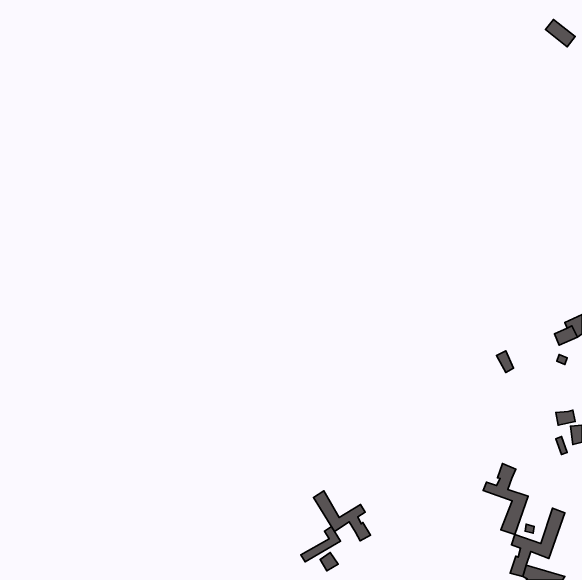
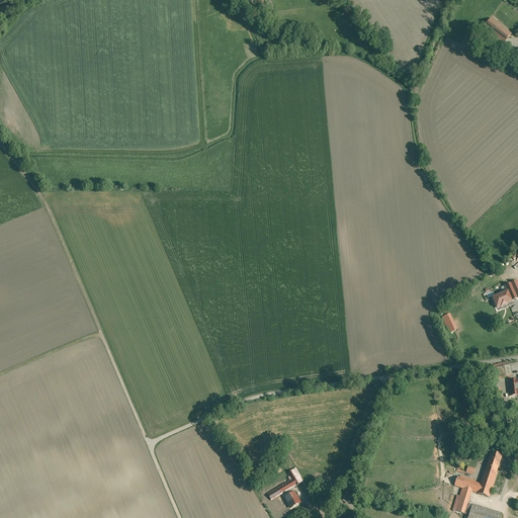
building: [483,464,528,534] -> none
building: [314,491,371,541] -> none

